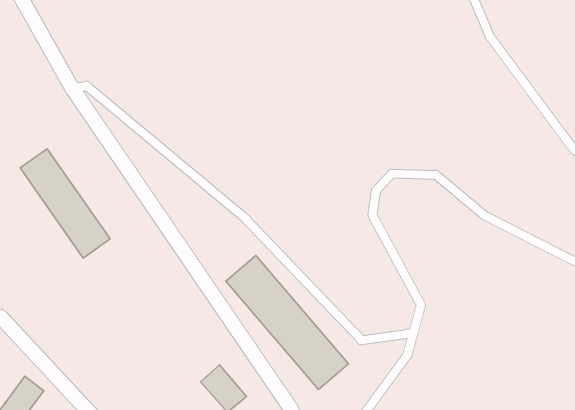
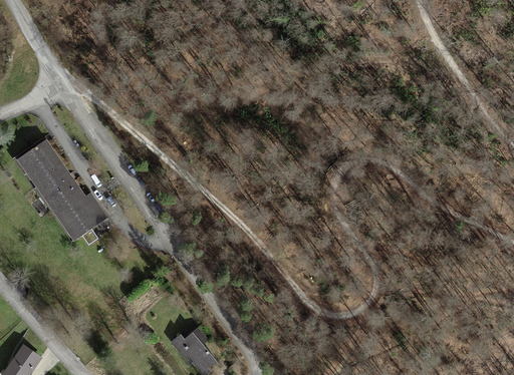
building: [226,256,349,389] -> none

